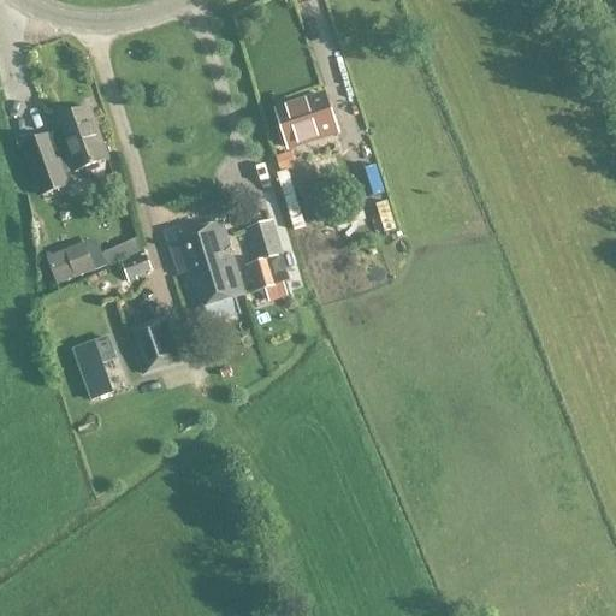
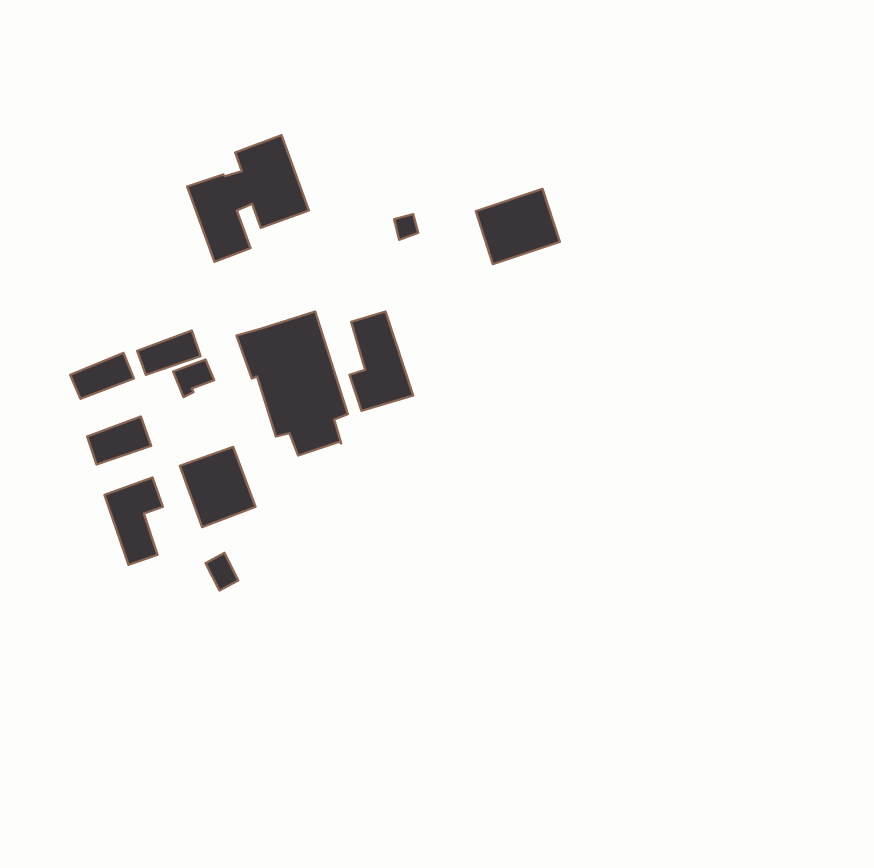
building: [277,91,336,144] -> [476,189,560,264]
building: [22,105,107,194] -> [187,135,309,262]
building: none -> [87,416,151,464]

